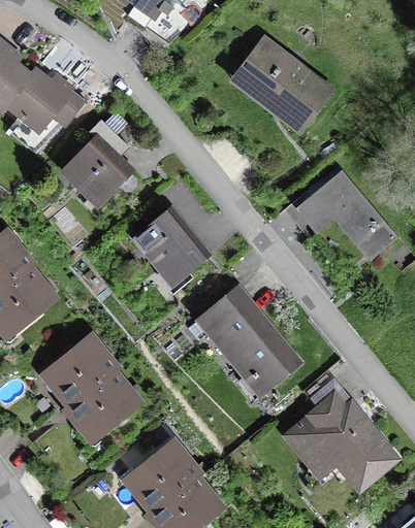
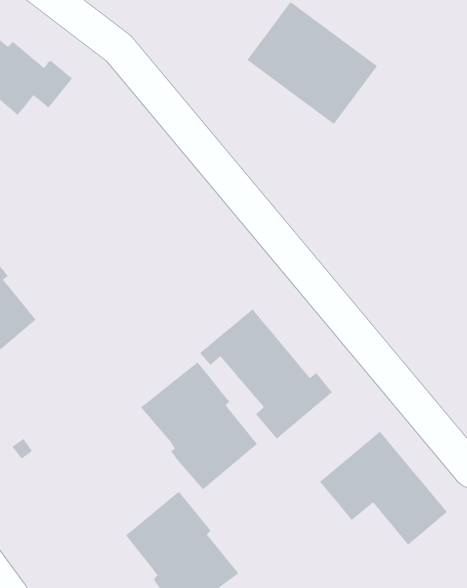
building: [59,120,136,212] -> none
building: [297,171,400,259] -> none
building: [137,209,209,283] -> none
building: [42,333,139,439] -> [140,361,258,490]

